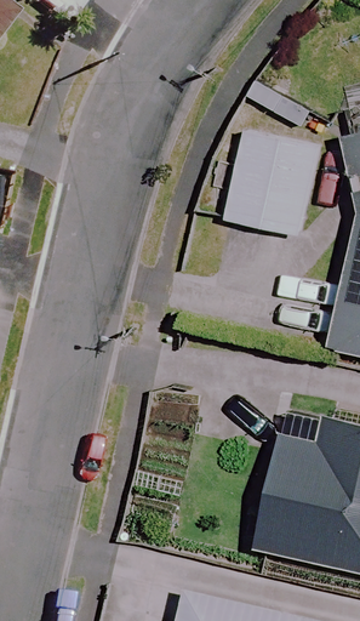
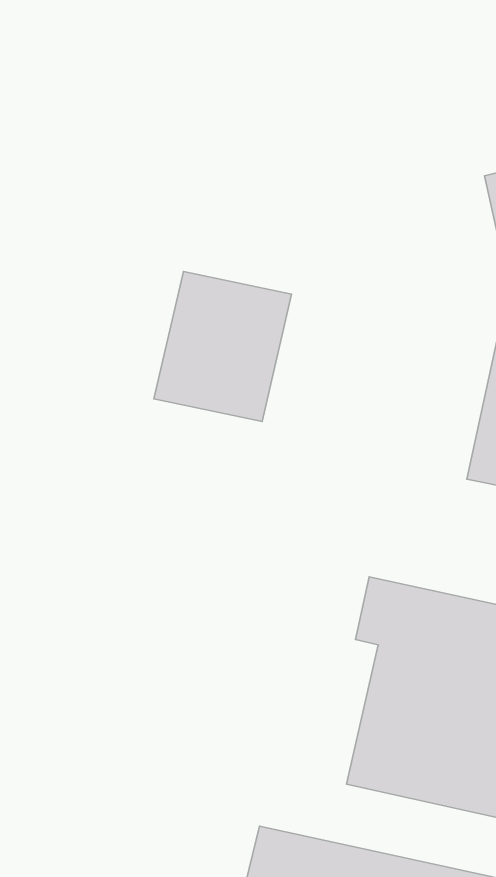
building: [229,123,325,227] -> [154,271,292,421]

